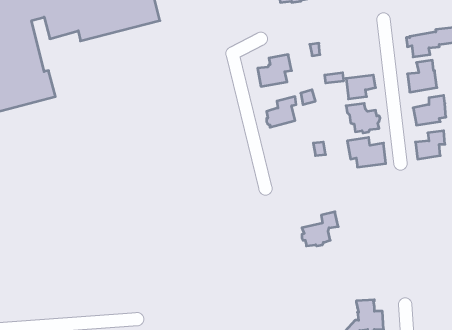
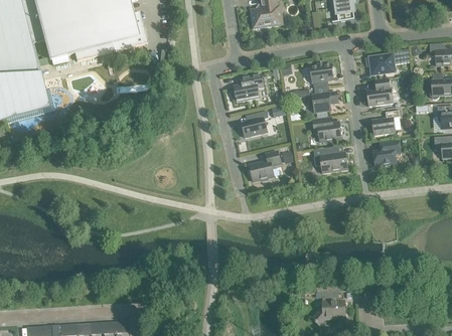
building: none -> [310,62,336,88]
building: [302,212,338,246] -> [249,150,281,180]

